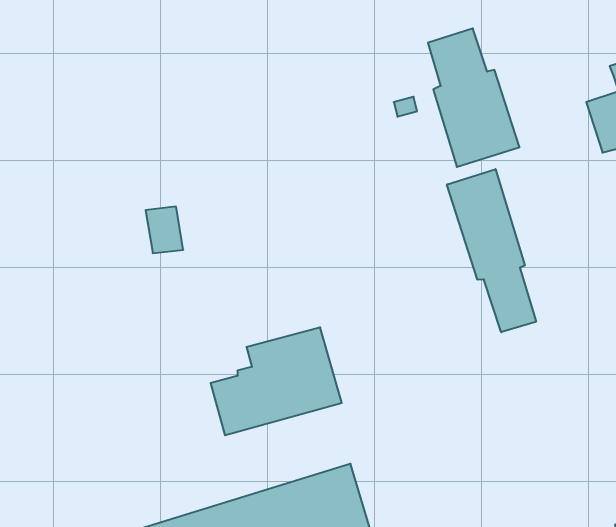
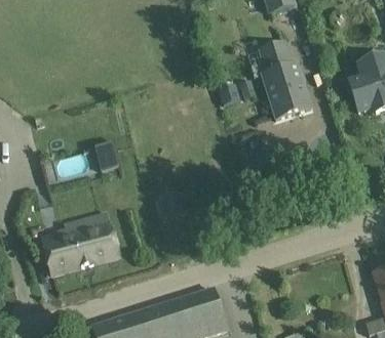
building: [447,169,536,332] -> none
building: [211,327,342,435] -> [43,213,118,274]

